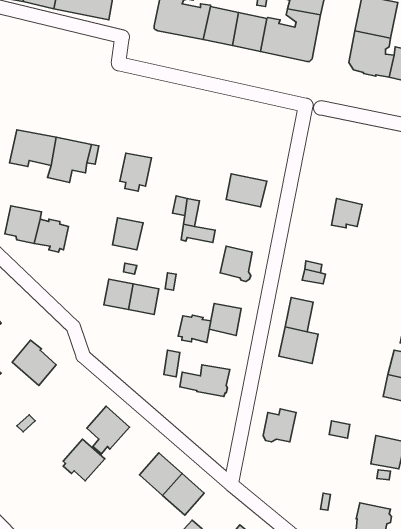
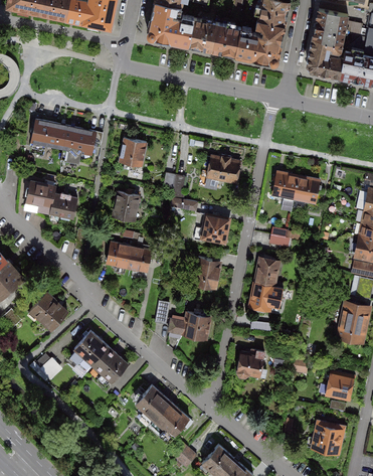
building: none -> [274,172,298,198]
building: [178,315,211,342] -> none
building: [63,439,105,481] -> [74,331,109,365]

